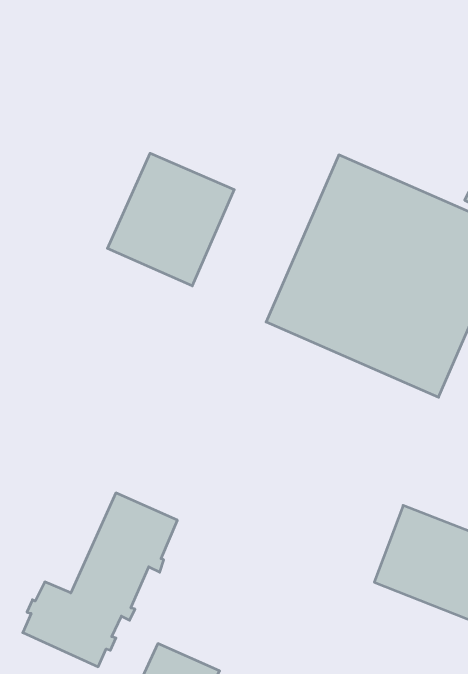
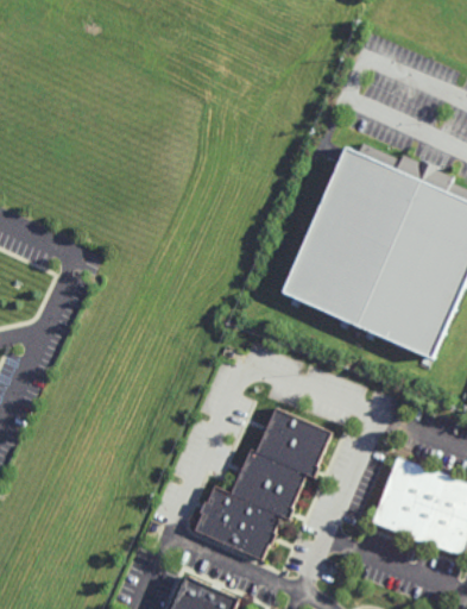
building: [107,153,234,286] -> none
building: [23,493,177,667] -> [195,408,329,559]

